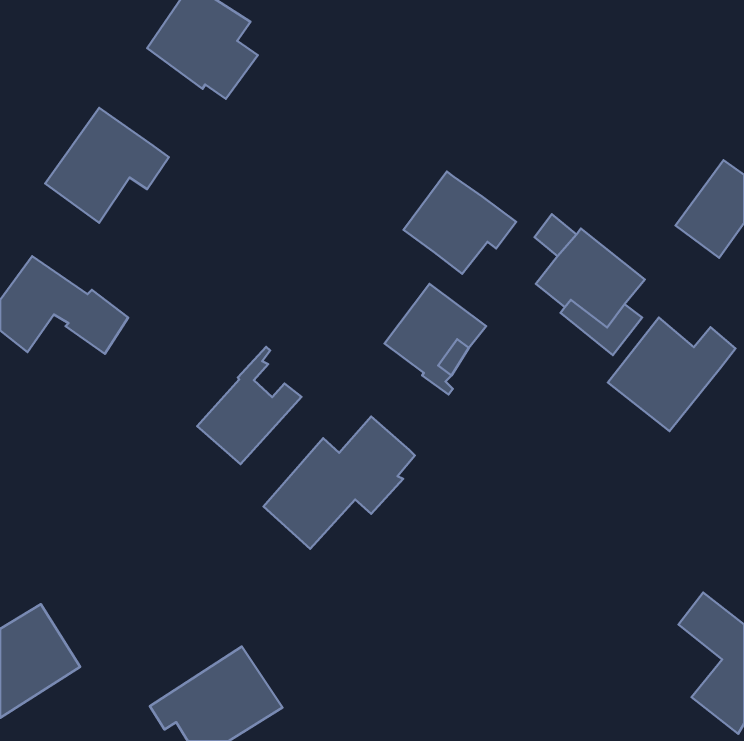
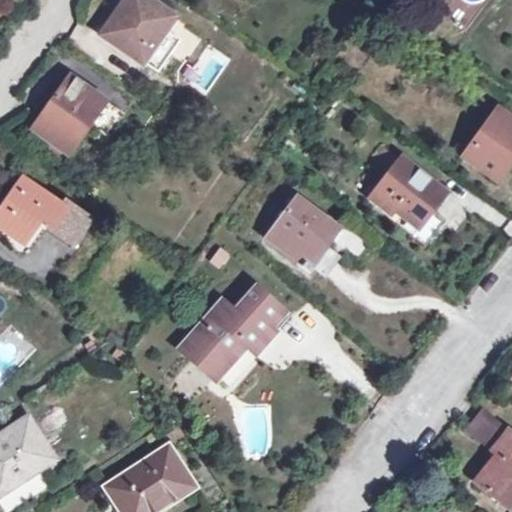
building: [404,171,516,274] -> none
building: [608,317,735,431] -> none
building: [197,347,301,464] -> none

